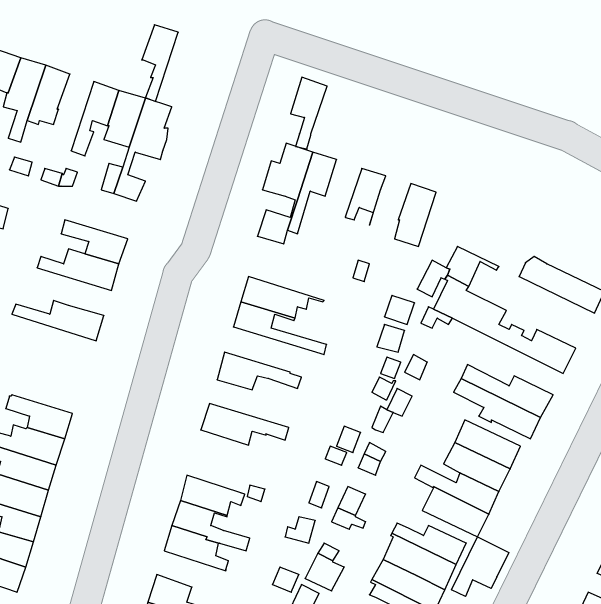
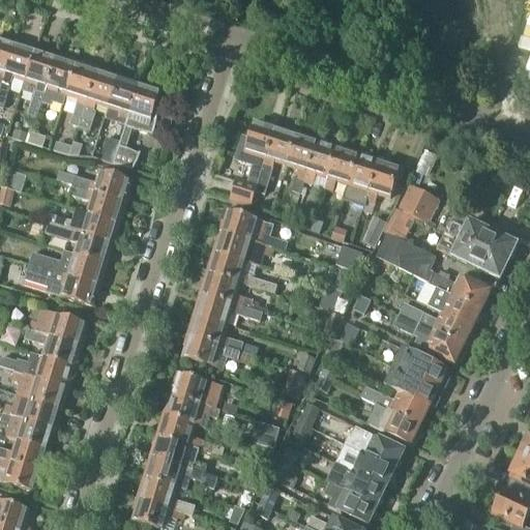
building: [142,25,178,101] -> [65,62,95,125]
building: [291,77,327,149] -> [286,132,316,192]
building: none -> [322,146,356,189]
building: none -> [361,159,398,212]
building: none -> [56,168,129,198]
building: none -> [394,182,439,220]
building: none -> [223,206,287,248]
building: none -> [47,222,110,261]
building: none -> [437,229,507,275]
building: none -> [23,260,97,303]
building: none -> [203,270,285,307]
building: none -> [414,279,481,326]
building: none -> [28,307,84,342]
building: none -> [190,314,258,353]
building: none -> [172,372,223,407]
building: [452,537,509,596] -> none
building: none -> [147,454,214,484]

